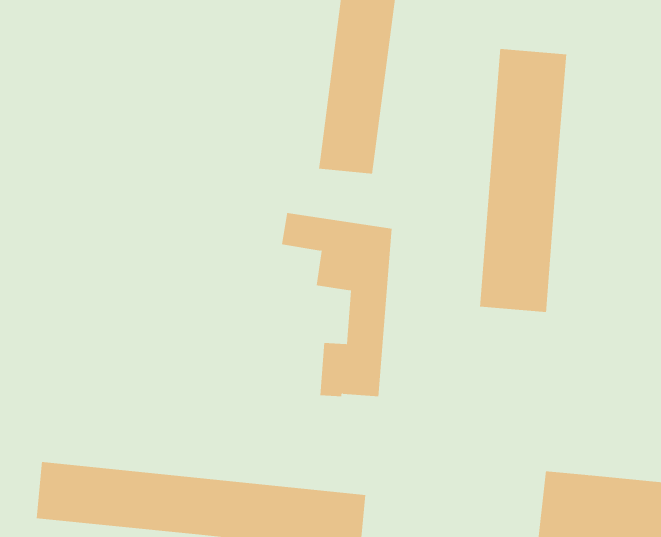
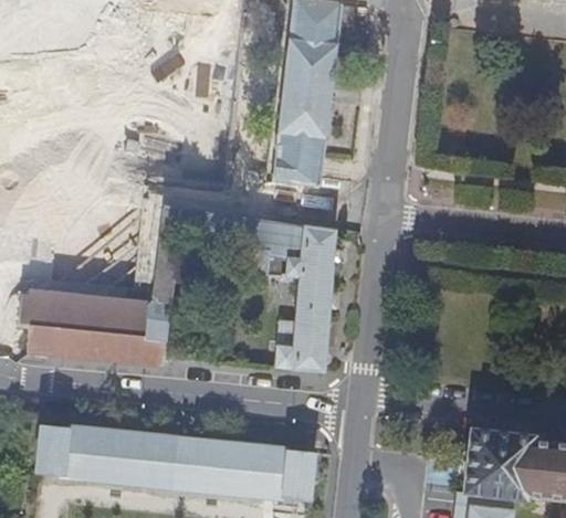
building: [479,48,567,313] -> none
building: none -> [23,204,184,364]

